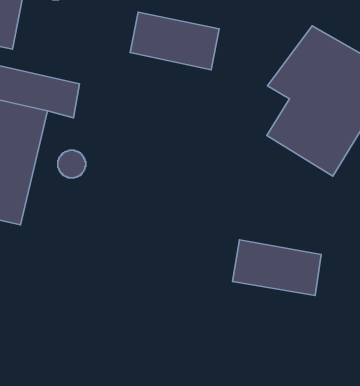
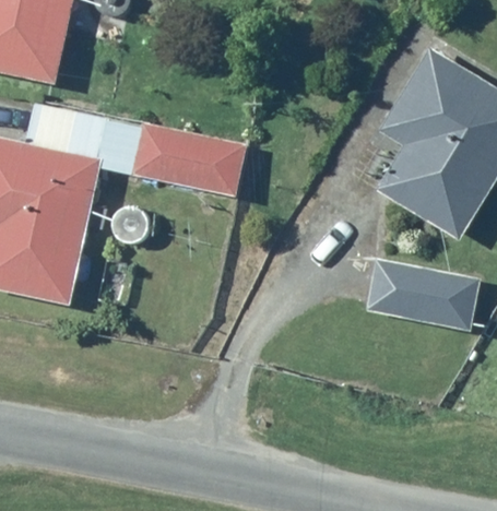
building: [130,12,219,70] -> [135,123,247,195]
building: [232,240,321,295] -> [367,260,478,330]

